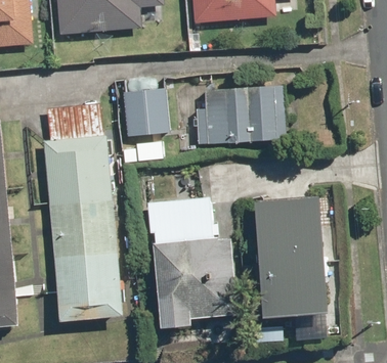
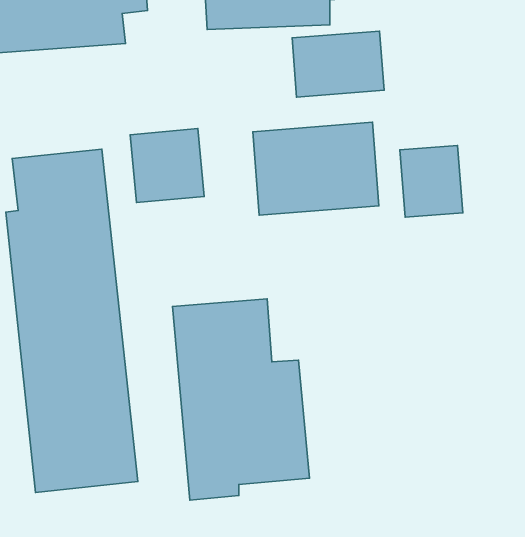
building: none -> [292,31,384,97]
building: none -> [400,145,463,217]
building: [253,194,330,317] -> none

